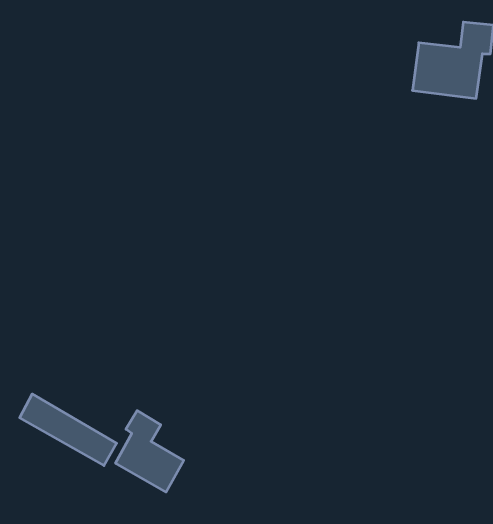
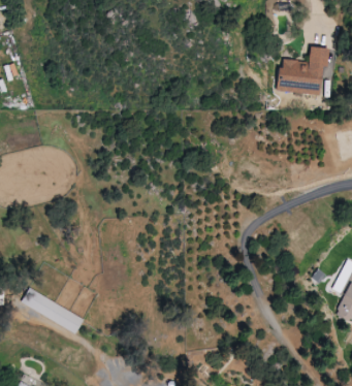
building: [116,411,184,492] -> none

